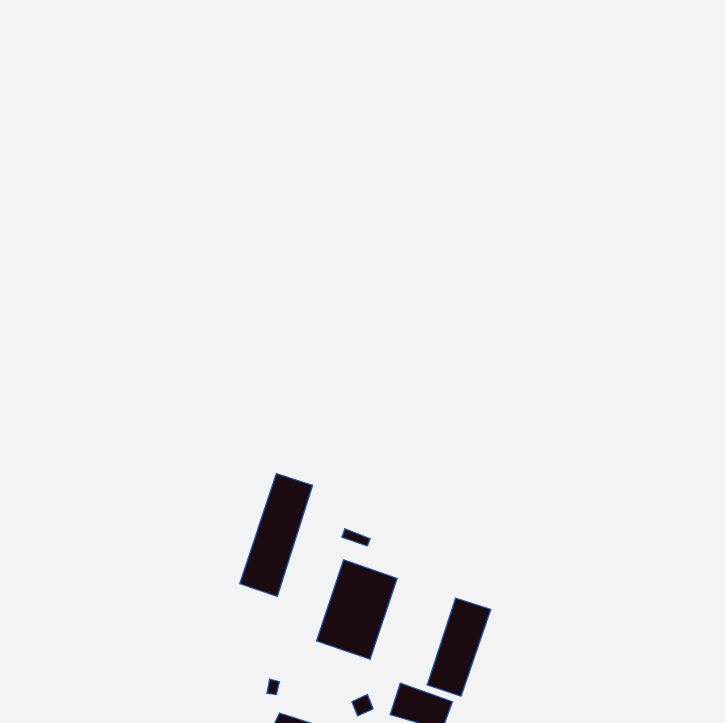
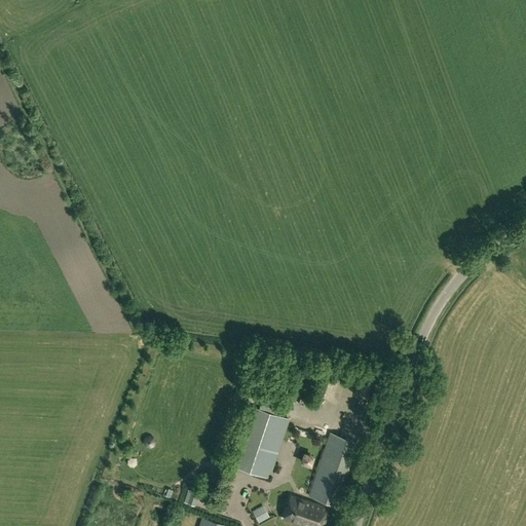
building: [240,473,313,596] -> none

